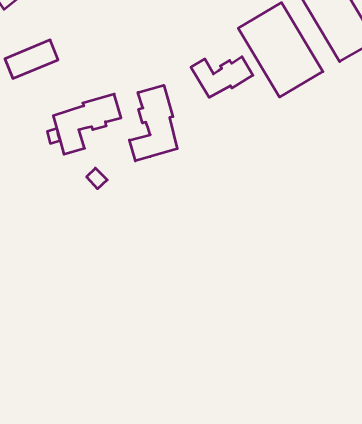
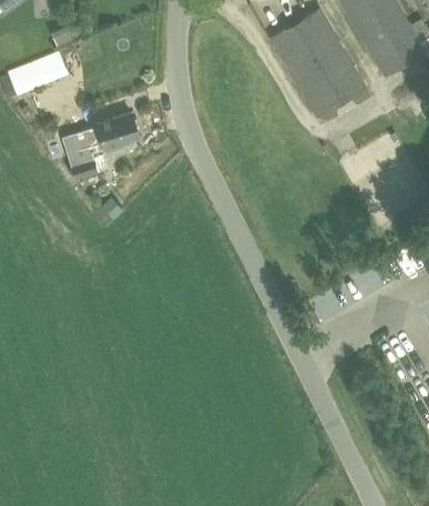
building: [191,57,253,97] -> none
building: [129,85,177,161] -> none

